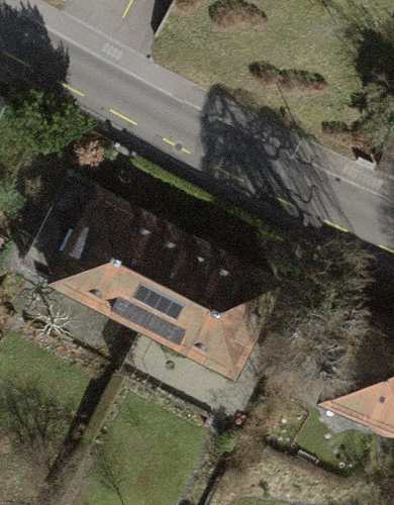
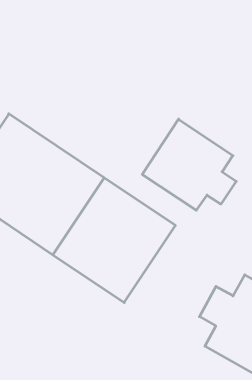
building: none -> [142,119,236,210]

